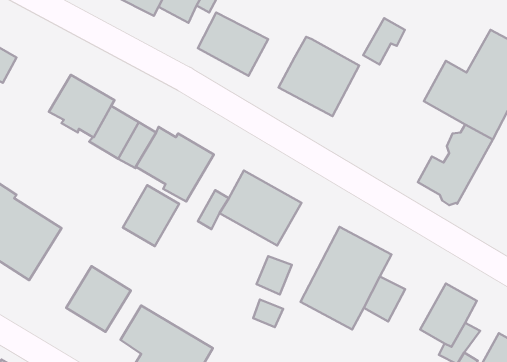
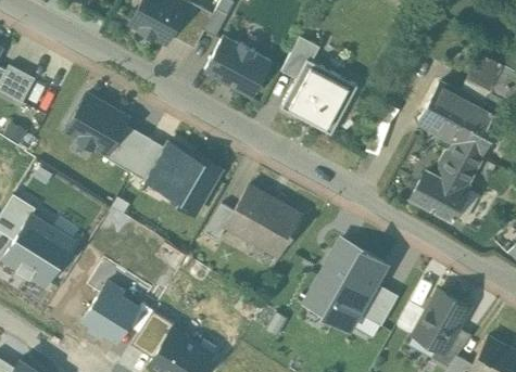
building: [363,18,405,64] -> [280,36,319,79]
building: [123,185,179,246] -> none
building: [256,256,292,294] -> none

